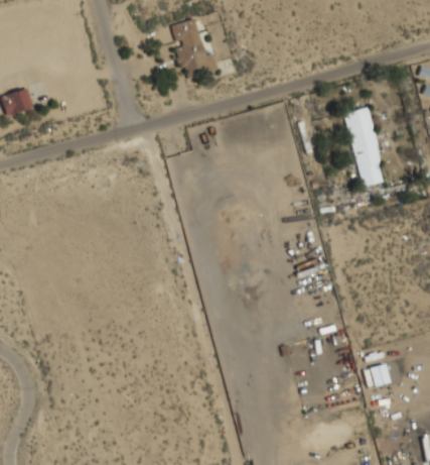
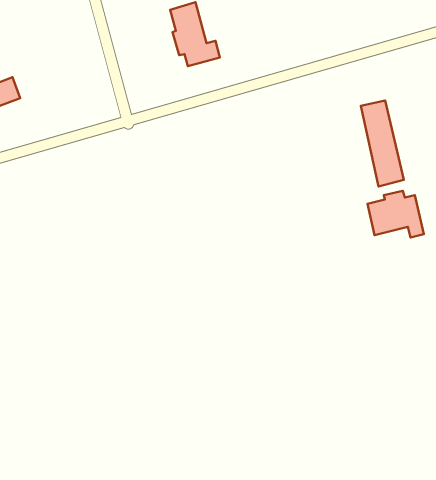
building: none -> [368,191,424,238]

